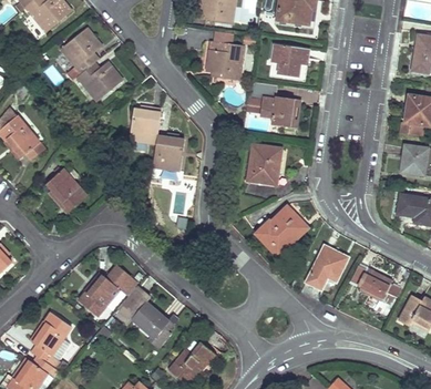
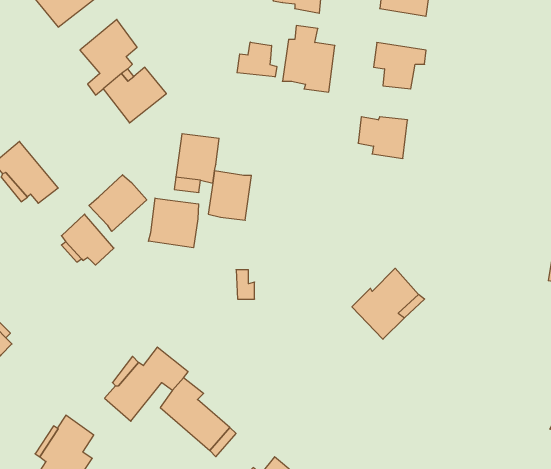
building: none -> [237,42,277,77]
building: none -> [89,175,147,231]
building: [248,145,281,185] -> none
building: none -> [148,198,199,248]
building: [306,246,345,291] -> none
building: [359,269,392,303] -> none

